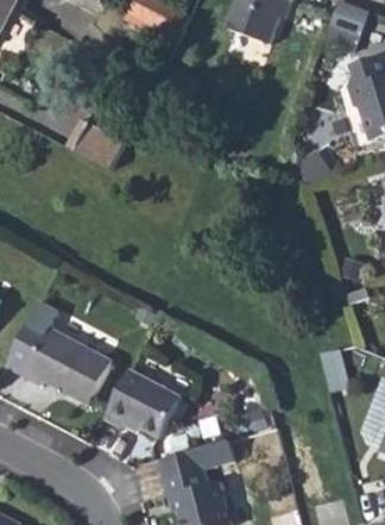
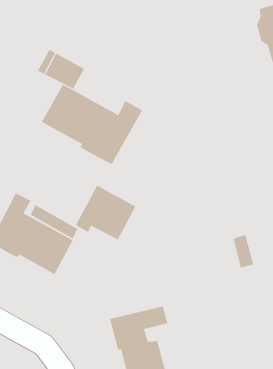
building: none -> [41,84,143,165]
building: [105,368,182,438] -> [75,185,136,240]

